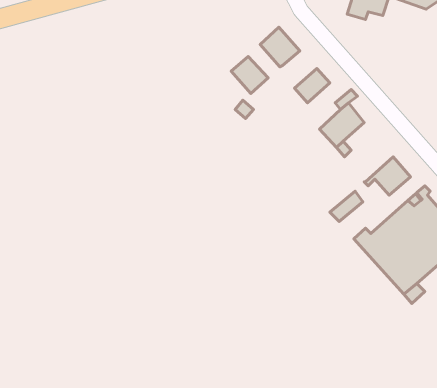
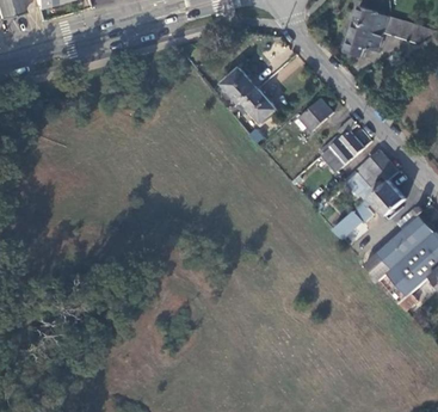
building: [260,27,300,67] -> [226,67,261,103]
building: none -> [350,148,402,202]

